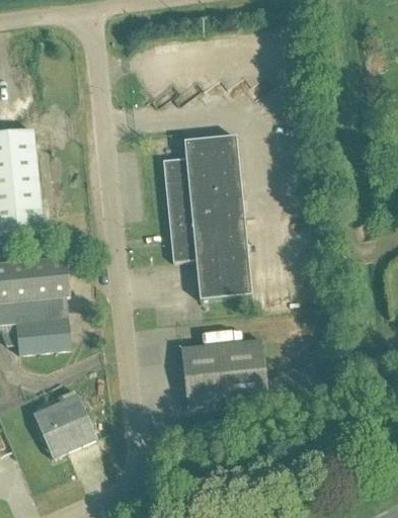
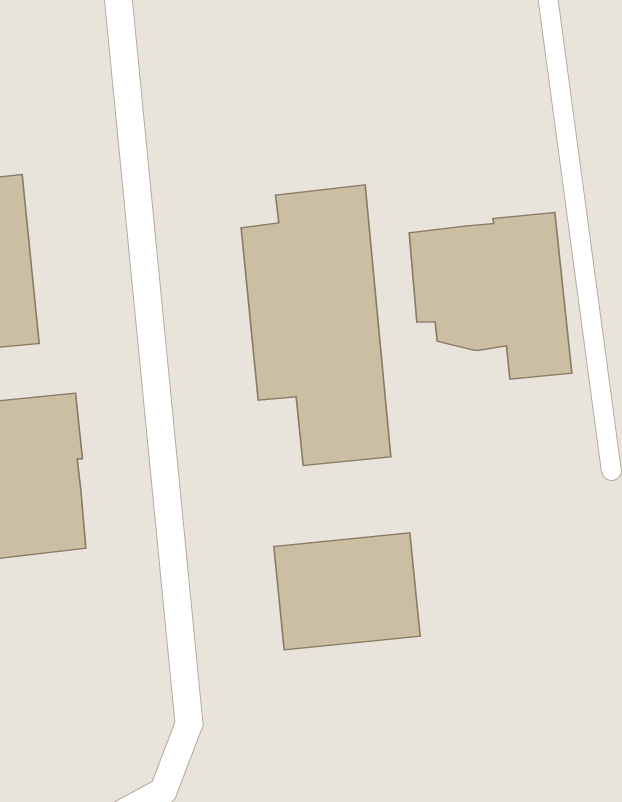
building: none -> [409,212,572,379]
building: [32,394,97,457] -> none

